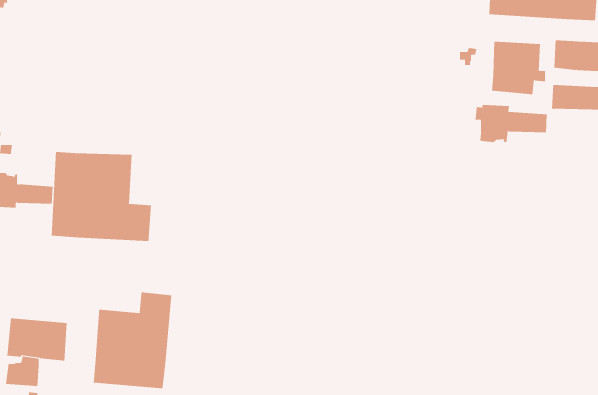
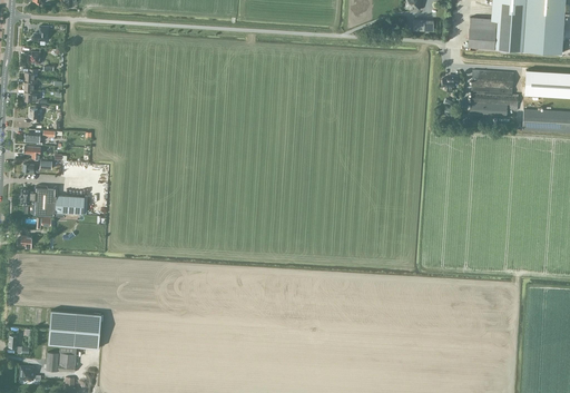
building: [475,104,547,143] -> none
building: [51,151,152,242] -> none
building: [93,291,172,389] -> none

